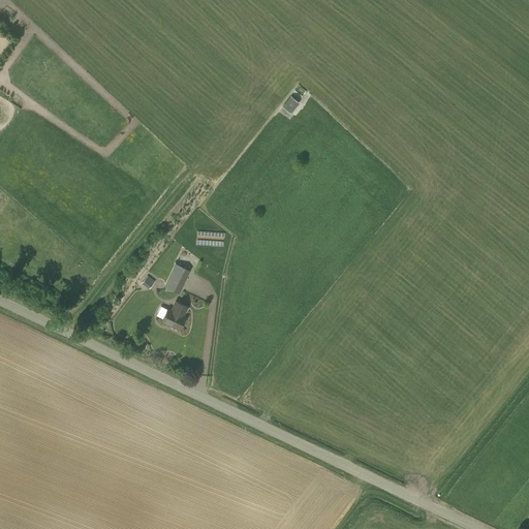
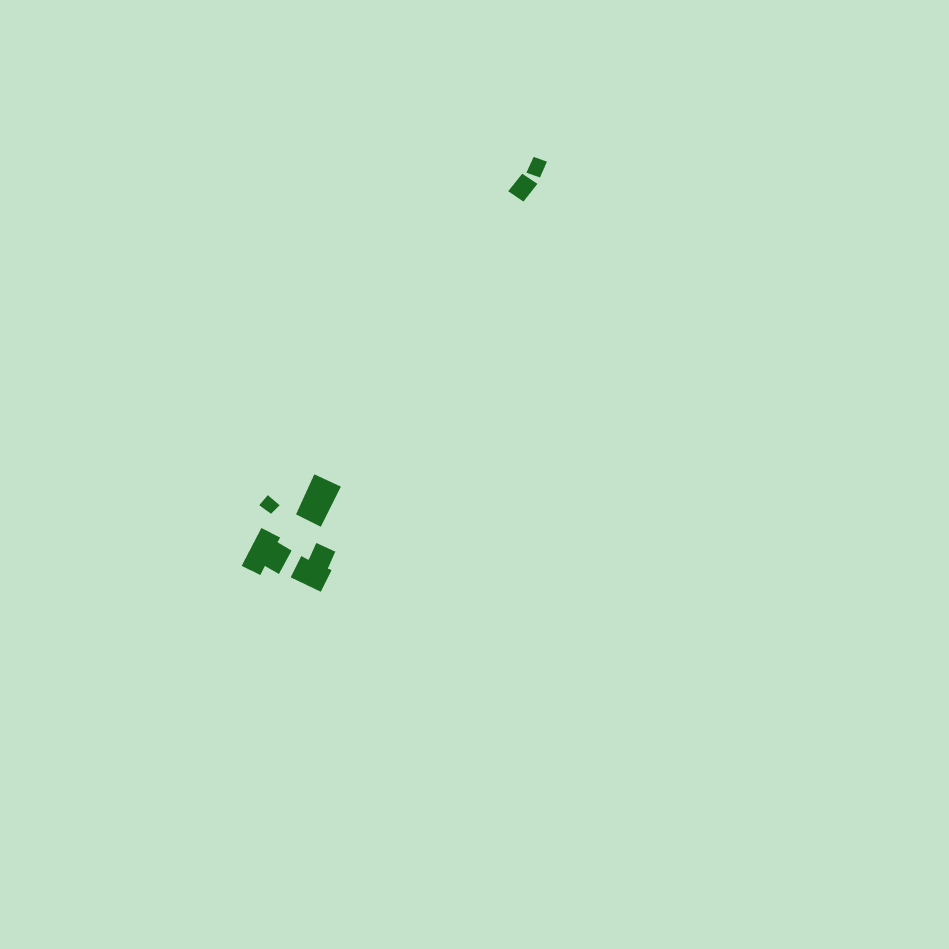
building: none -> [241,527,292,576]

